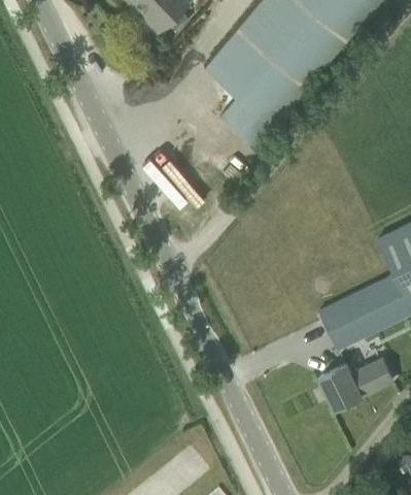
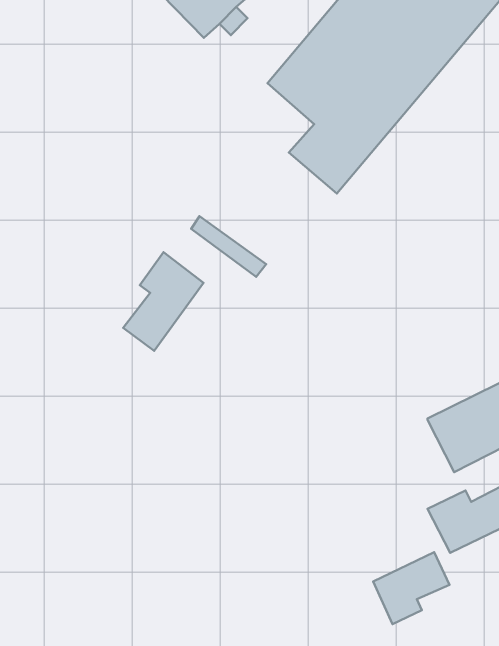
building: none -> [123,252,203,351]
building: none -> [373,552,449,624]

